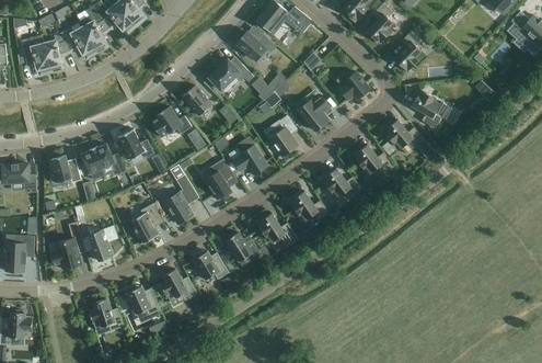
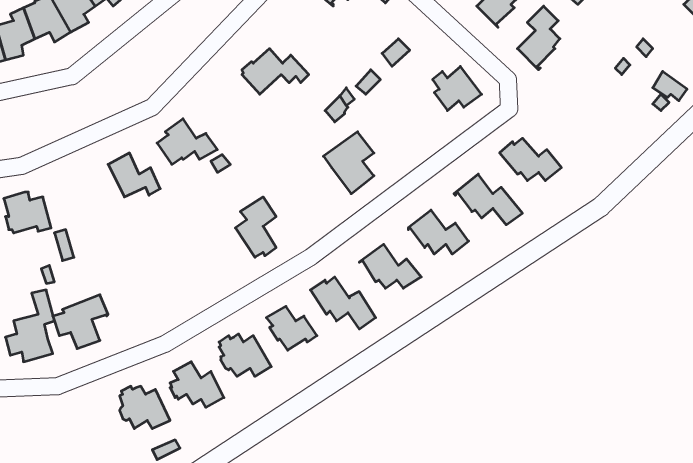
building: [237,32,276,63] -> none
building: [182,86,211,116] -> none
building: [411,88,451,128] -> none
building: [297,94,330,132] -> none
building: [80,145,126,180] -> none
building: [228,145,267,175] -> none
building: [163,175,198,224] -> none
building: [130,203,164,242] -> none
building: [88,299,123,331] -> none

